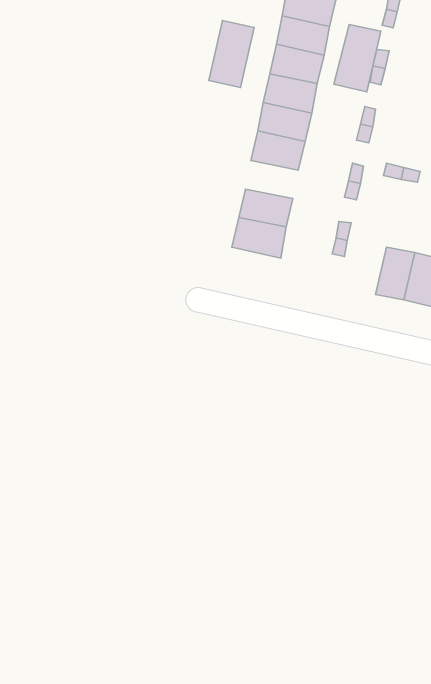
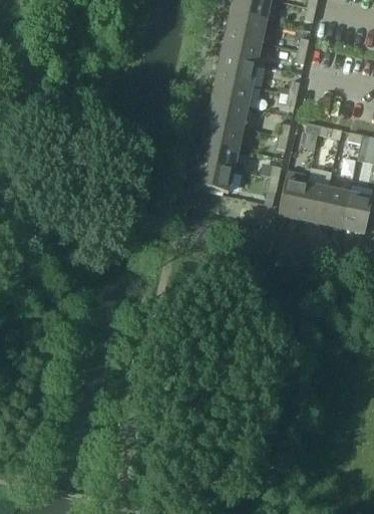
building: [209,20,254,87] -> none
building: [334,24,381,92] -> none
building: none -> [204,119,243,148]
building: none -> [278,170,310,219]

